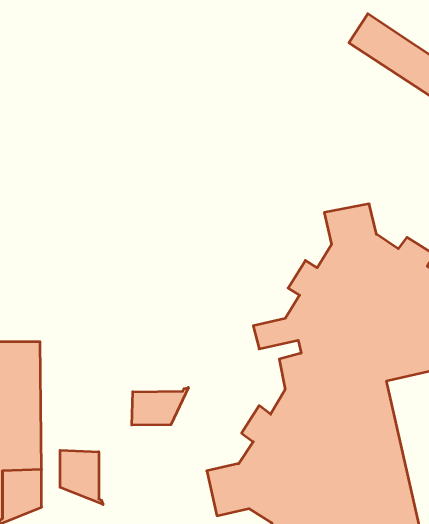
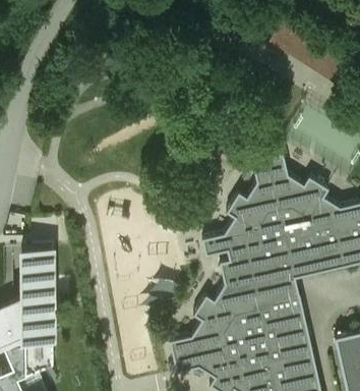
building: [132,387,188,425] -> none
building: [60,450,103,505] -> none

